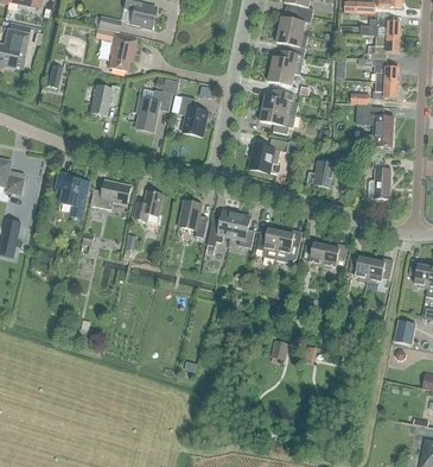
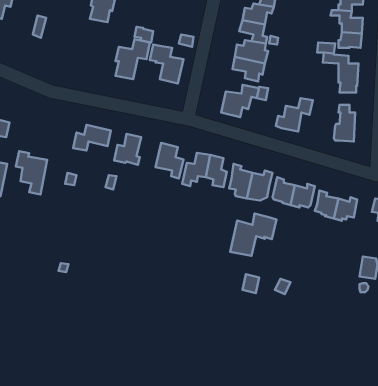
building: [90,83,119,114] -> none
building: [56,170,89,216] -> [16,151,47,195]
building: none -> [230,214,276,256]

